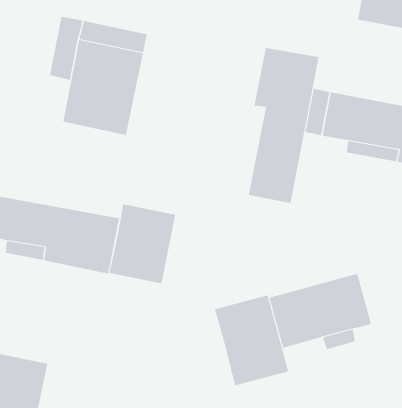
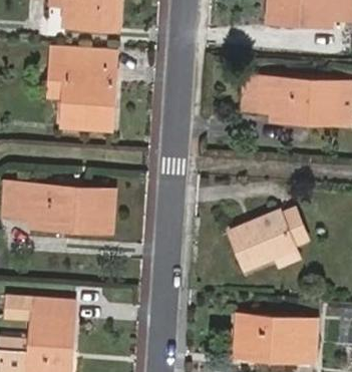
building: [248,47,319,204] -> none
building: [109,203,176,284] -> none
building: [214,294,289,386] -> none

